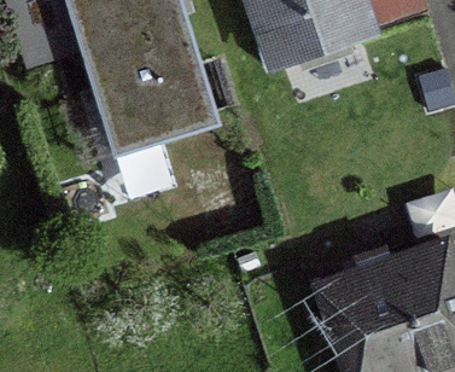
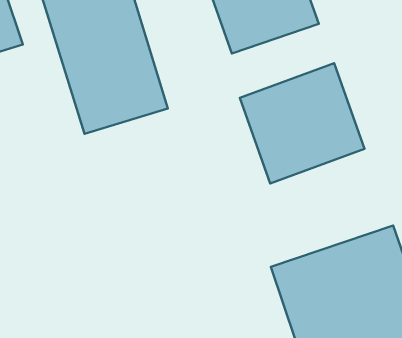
building: none -> [240,63,365,184]

